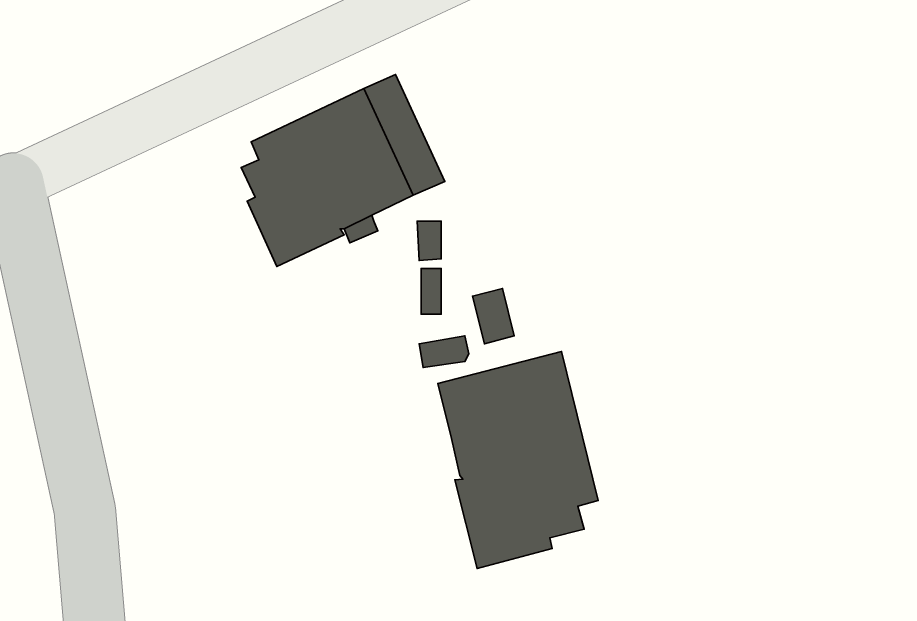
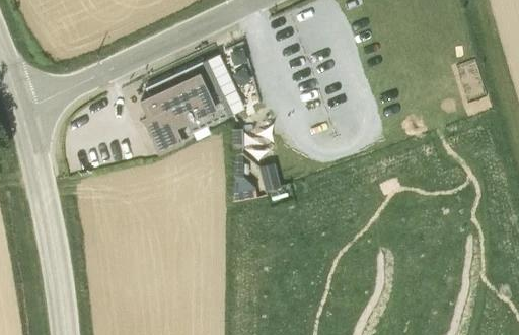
building: [438,352,598,568] -> none

